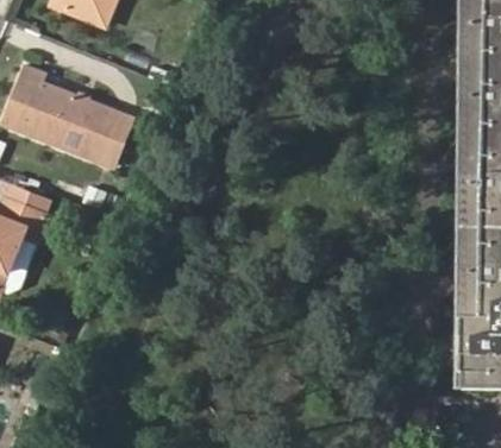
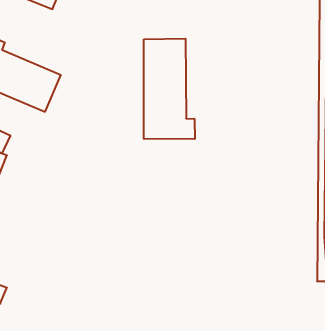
building: none -> [144,39,195,139]

